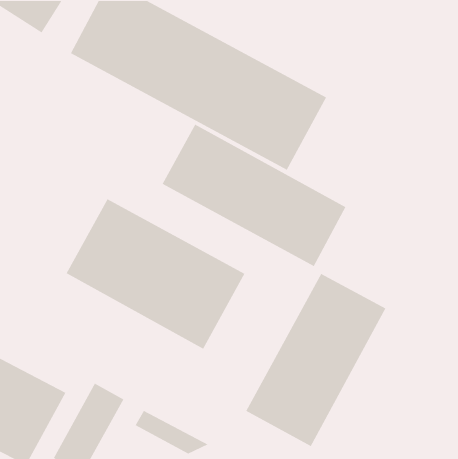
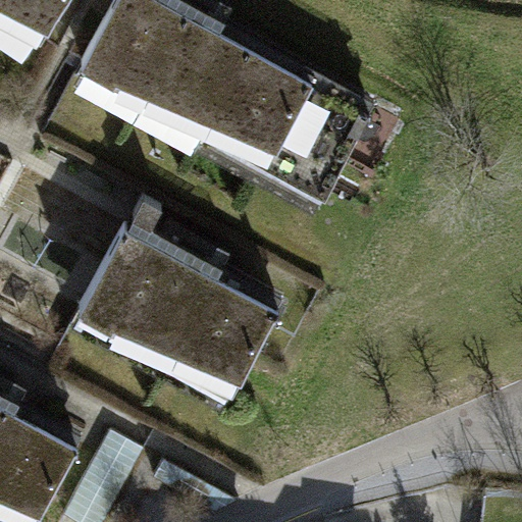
building: [162,124,347,267] -> none
building: [245,273,387,447] -> none

